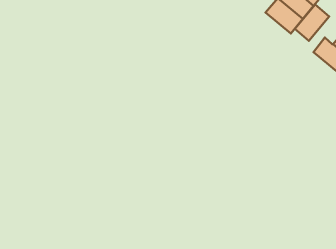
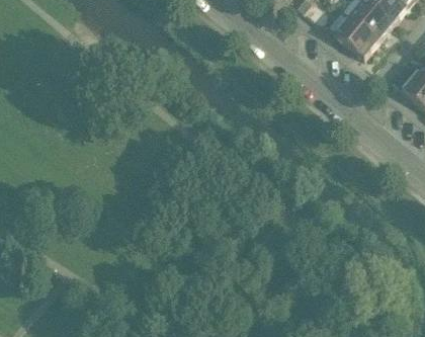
building: [295,5,329,41] -> none

